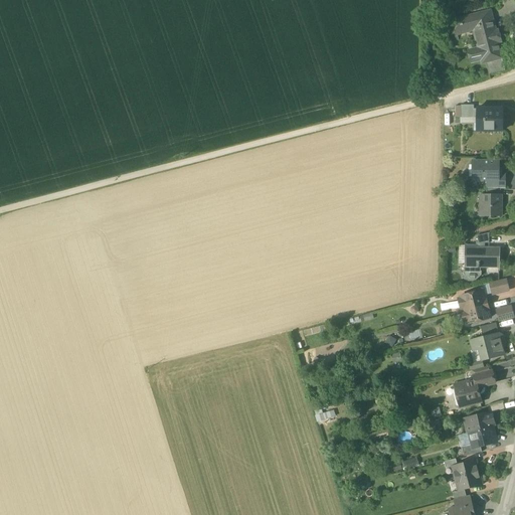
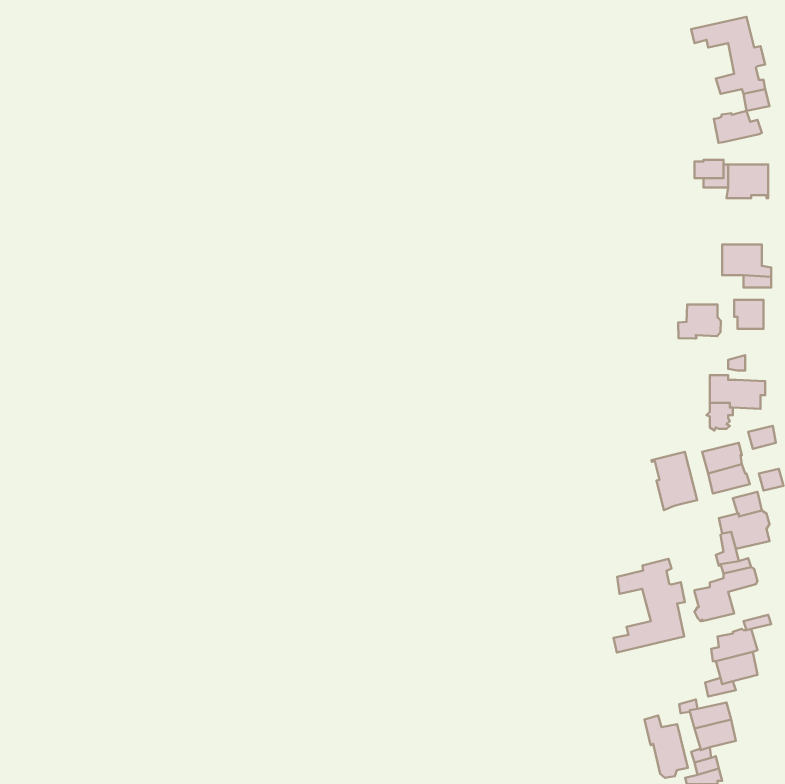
building: none -> [714,111,762,143]
building: none -> [678,304,721,339]
building: none -> [651,452,697,510]
building: none -> [613,559,685,653]
building: none -> [645,715,688,778]

